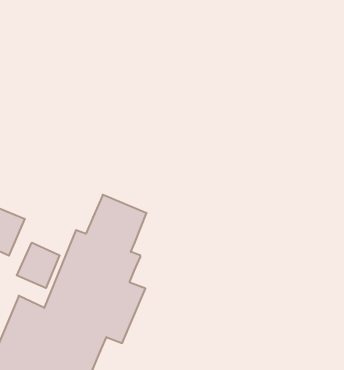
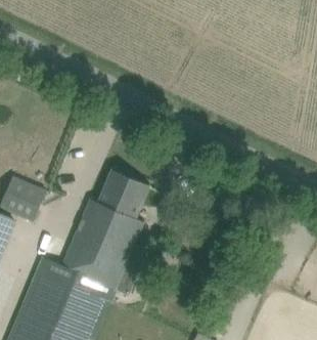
building: [17,243,60,288] -> none

